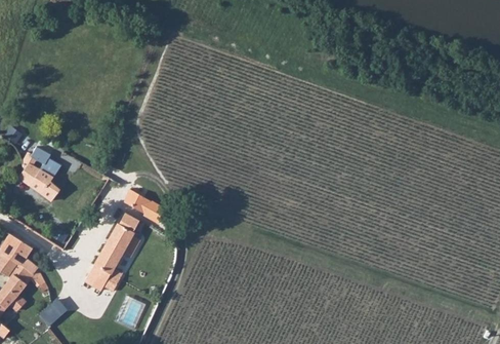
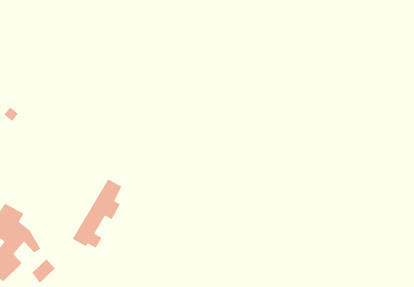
building: [16,154,59,199] -> none
building: [125,189,166,221] -> none

